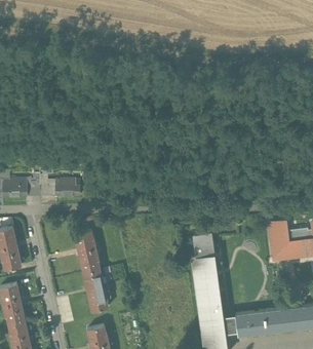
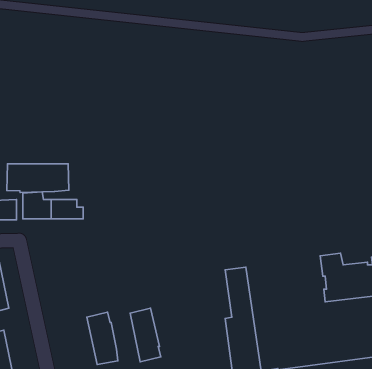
building: none -> [7,164,69,192]
building: [75,230,100,273] -> [130,308,161,362]

